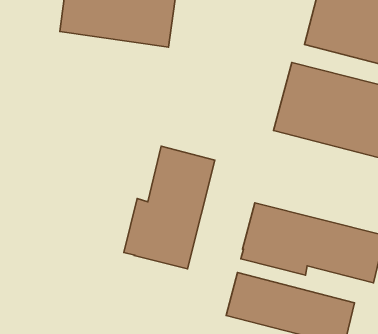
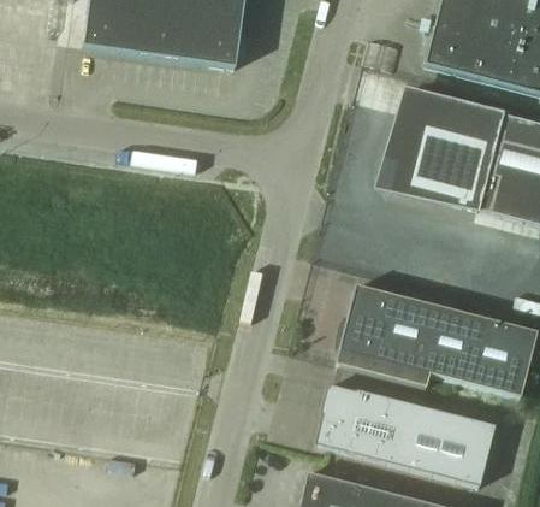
building: [124,146,215,269] -> none

